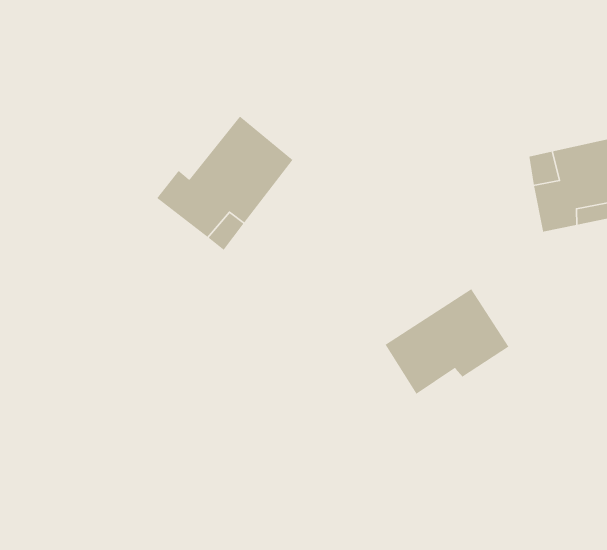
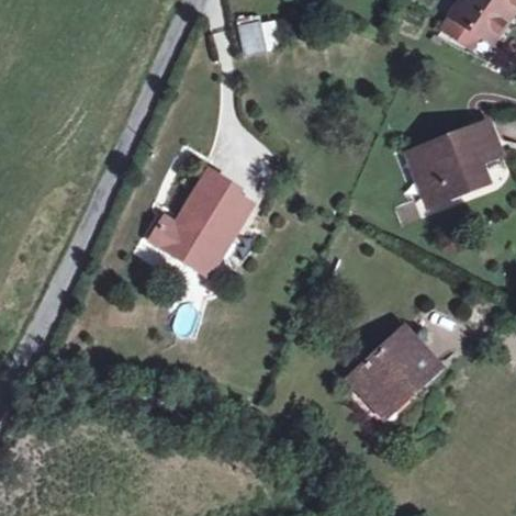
building: [384,288,510,395] -> [346,329,437,413]

